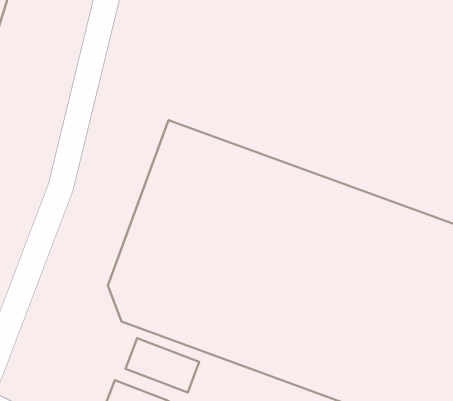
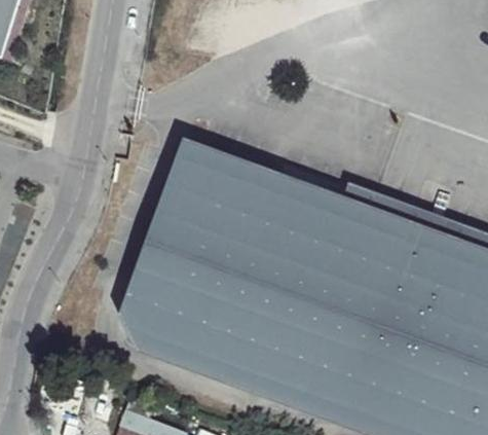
building: [126,338,199,393] -> none

